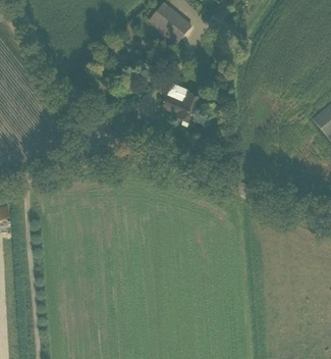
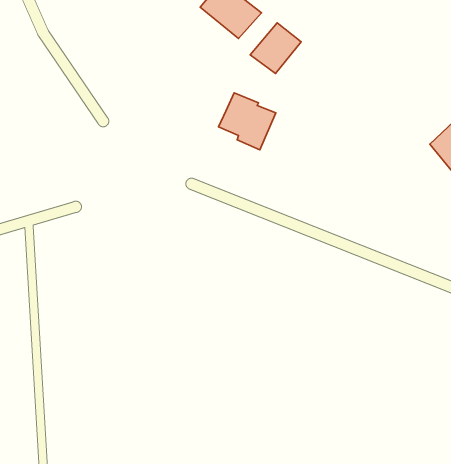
building: none -> [250,23,301,74]

